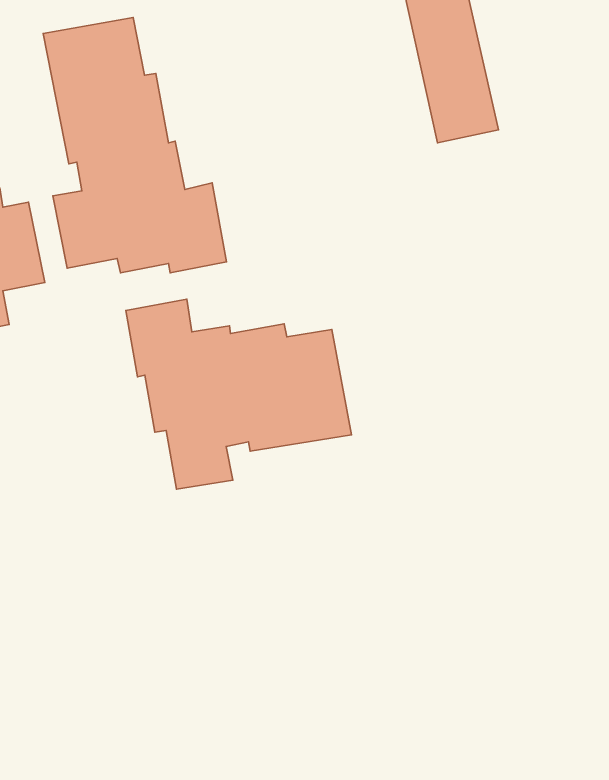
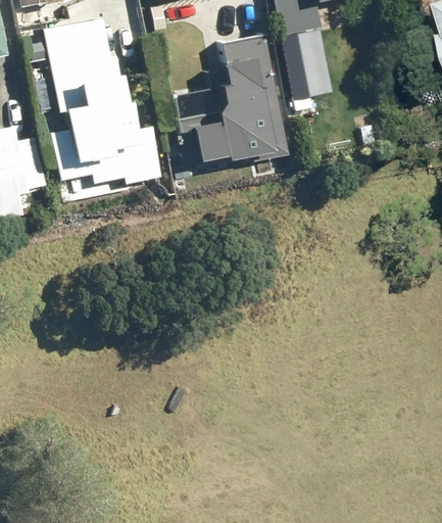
building: none -> [177,36,290,162]
building: [126,299,352,489] -> none

